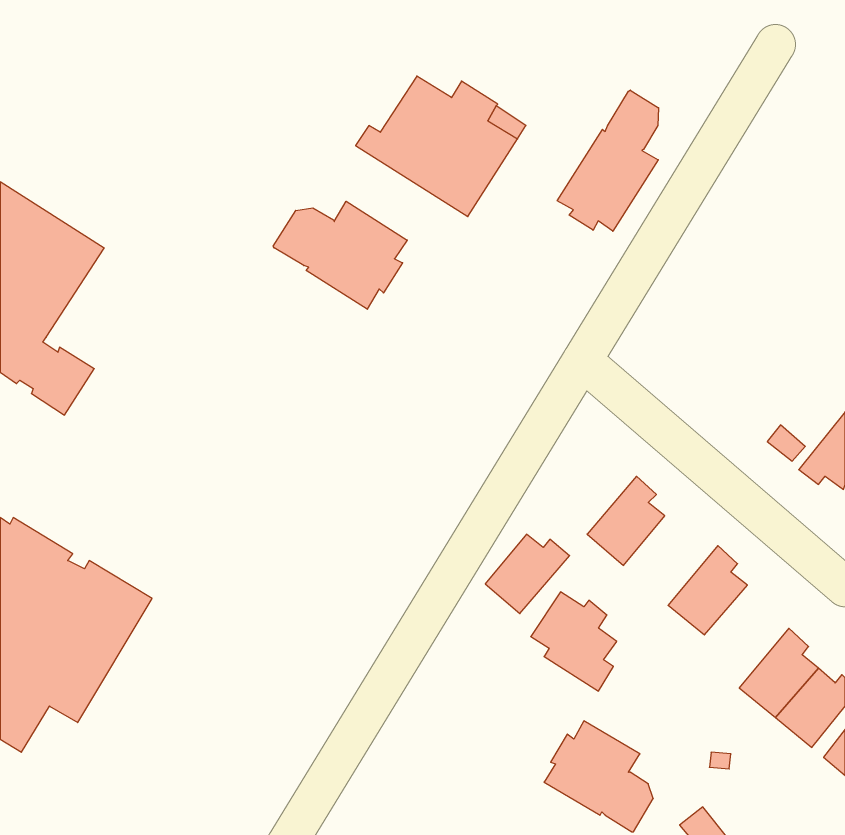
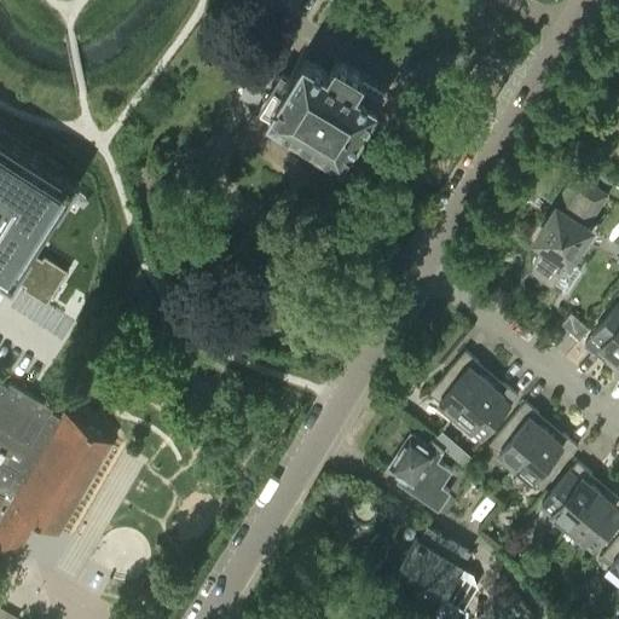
building: [557,90,659,231] -> none
building: [273,201,407,309] -> none
building: none -> [532,184,602,297]
building: [485,534,570,614] -> [456,384,517,442]
building: none -> [515,435,578,493]

